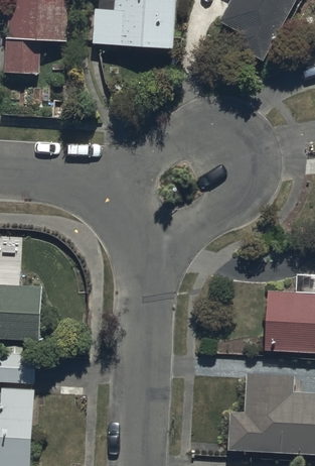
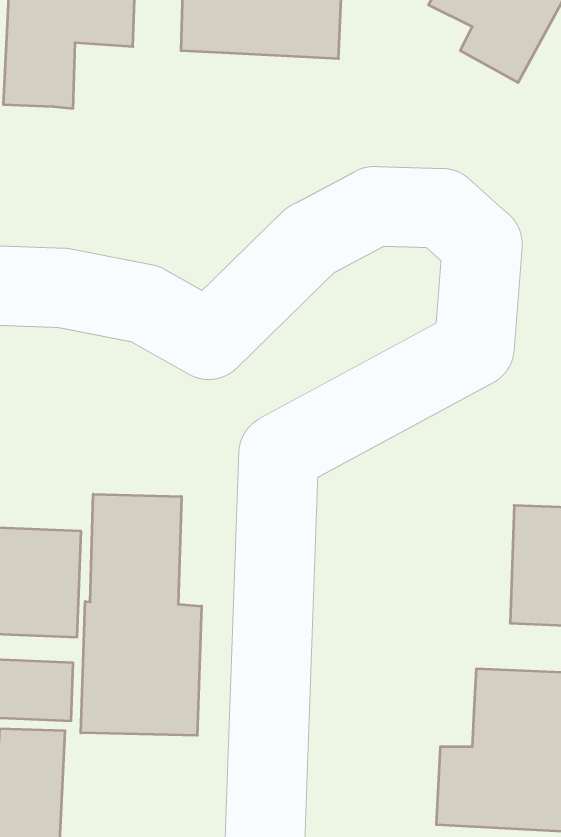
building: none -> [81,494,202,735]

